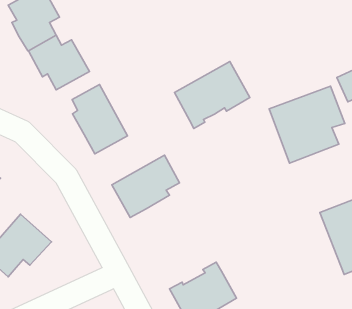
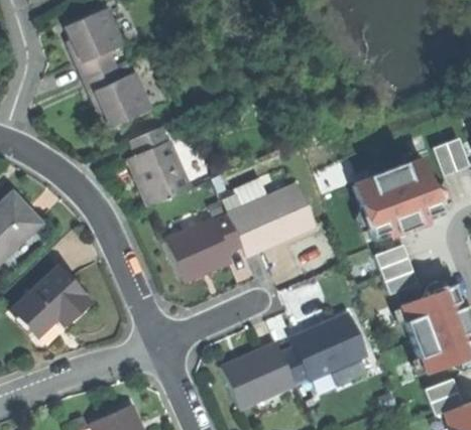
building: [175,62,250,129] -> [229,185,315,258]
building: none -> [376,242,421,293]
building: none -> [281,316,364,386]

